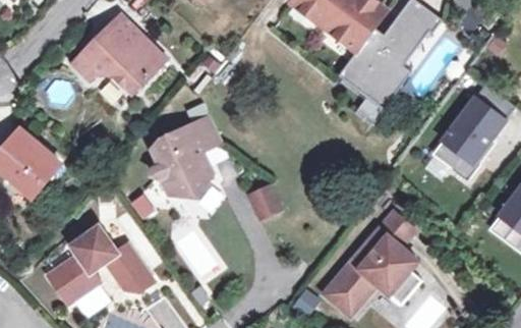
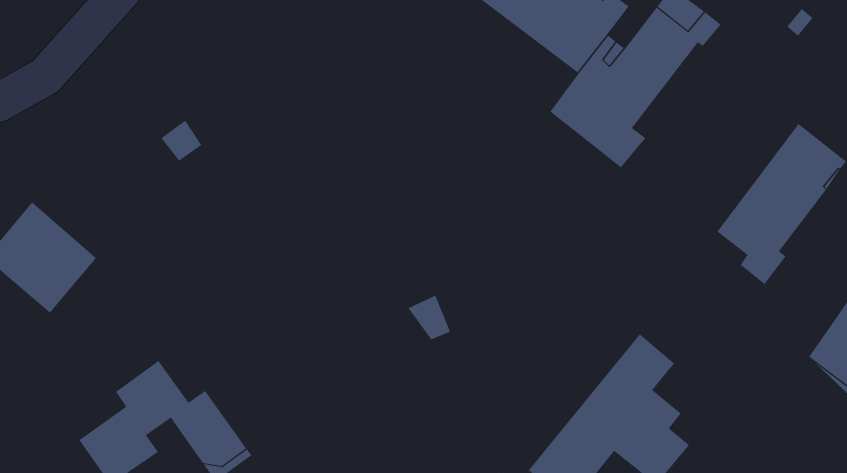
building: [73,13,166,92] -> none
building: [151,116,219,194] -> none

